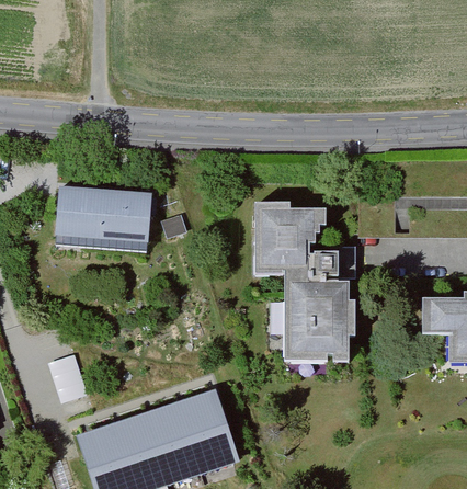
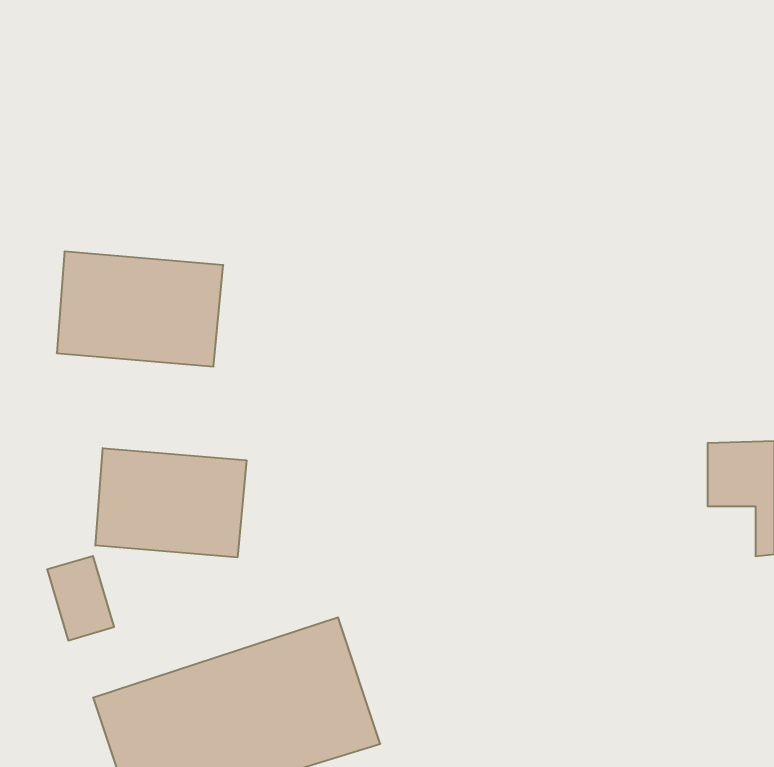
building: [253,200,349,359] -> none
building: none -> [95,448,247,557]

